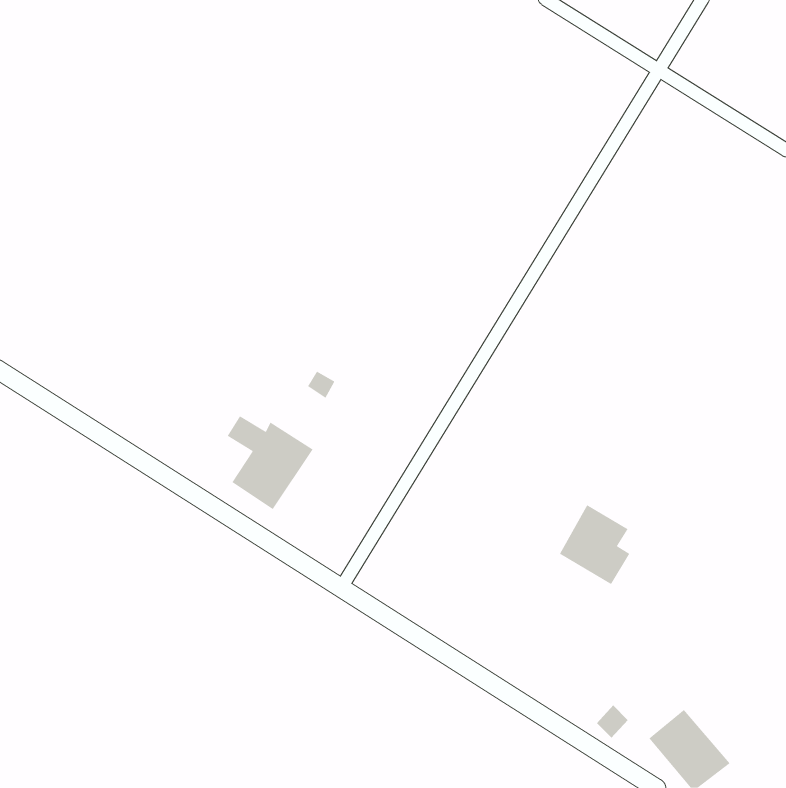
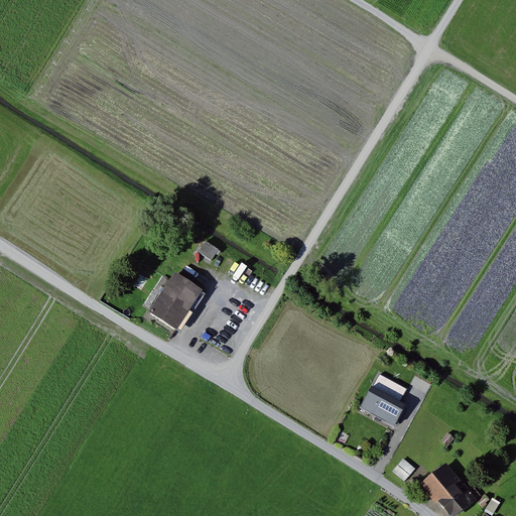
building: [559,504,630,585] -> [358,375,404,427]

